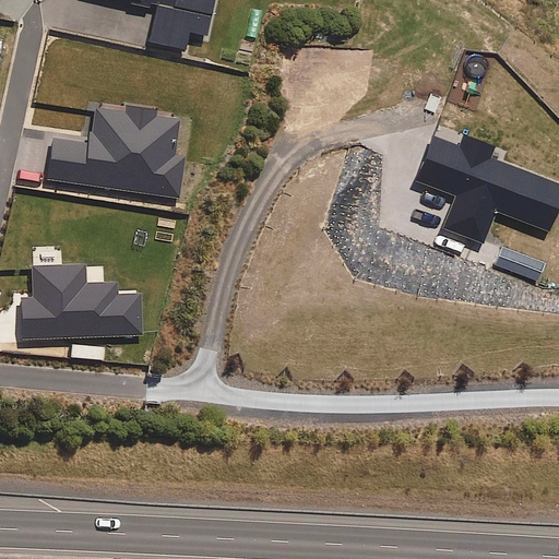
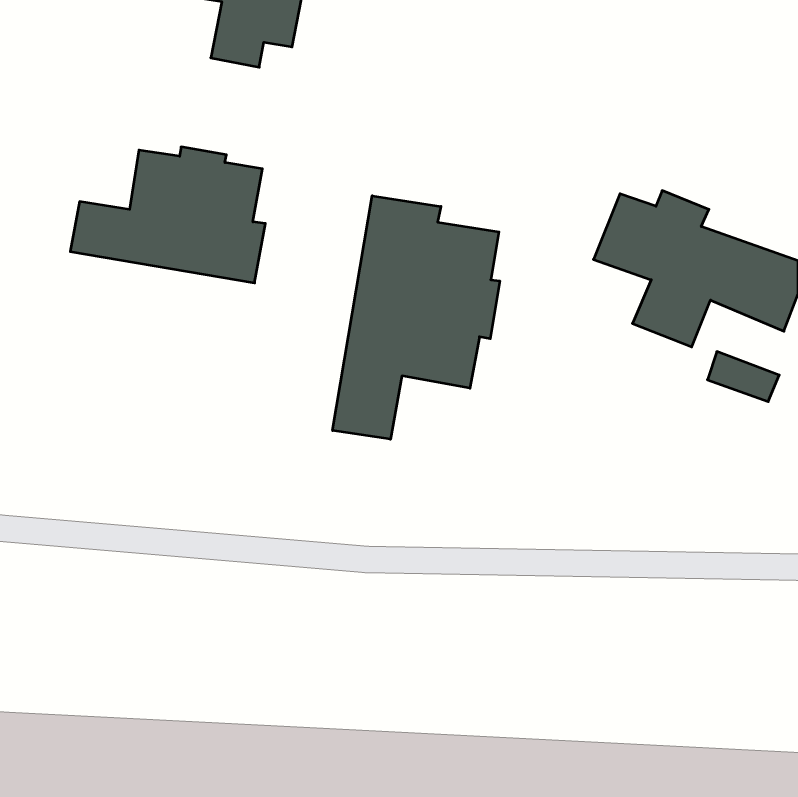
building: none -> [333,196,500,439]
building: [19,263,140,337] -> none

